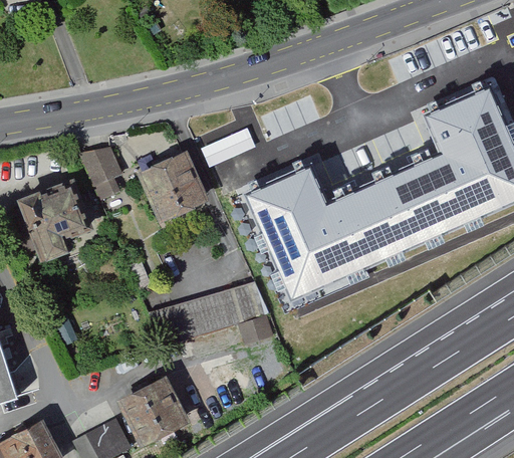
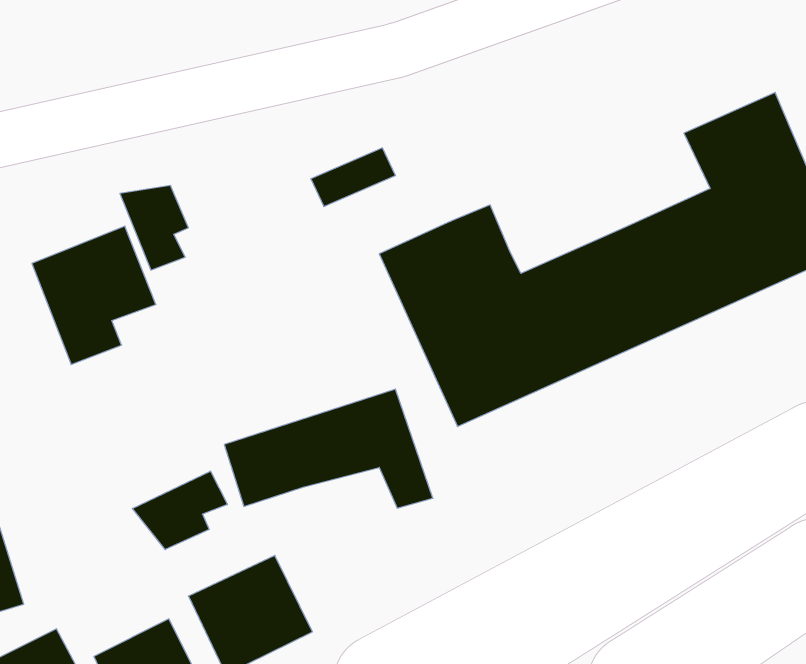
building: [143,154,215,225] -> none
building: none -> [132,471,227,550]

